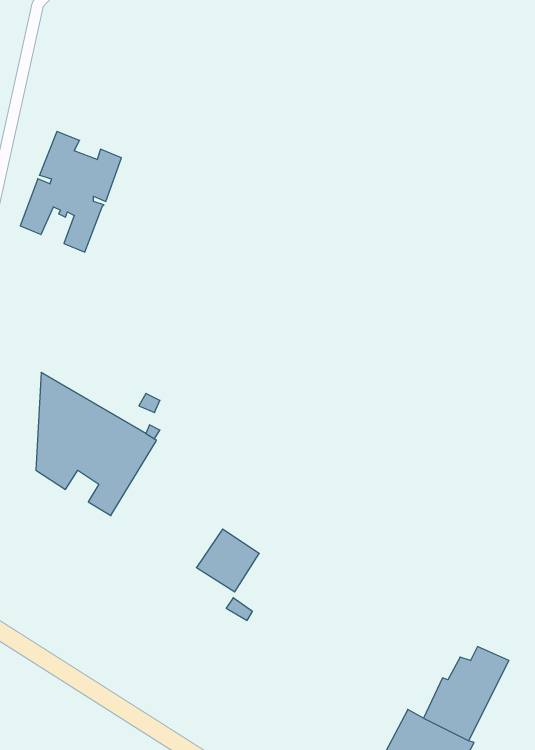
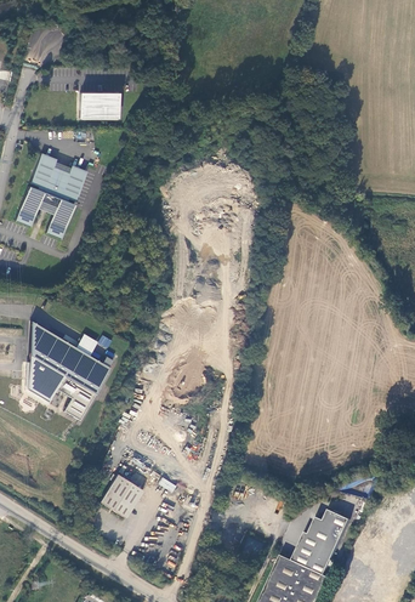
building: none -> [79,92,116,117]
building: [196,529,259,592] -> [97,473,141,517]

